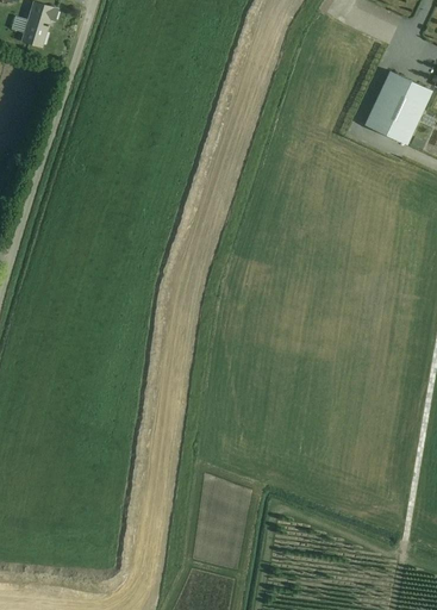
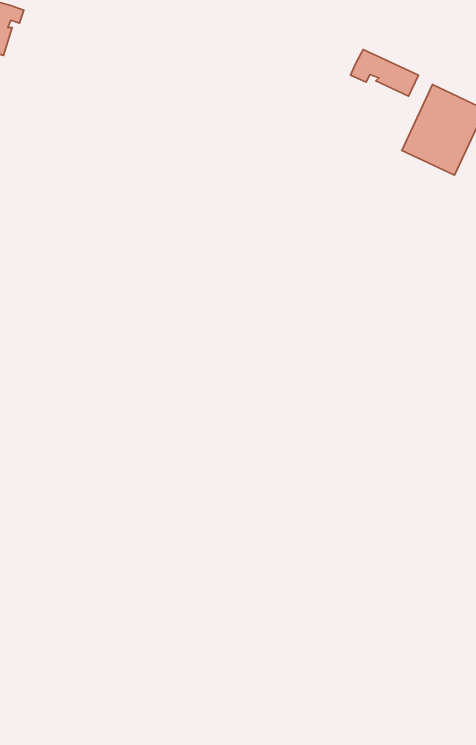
building: none -> [351,49,418,96]

